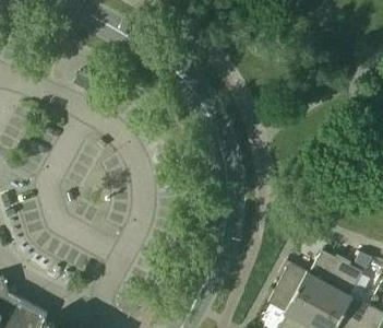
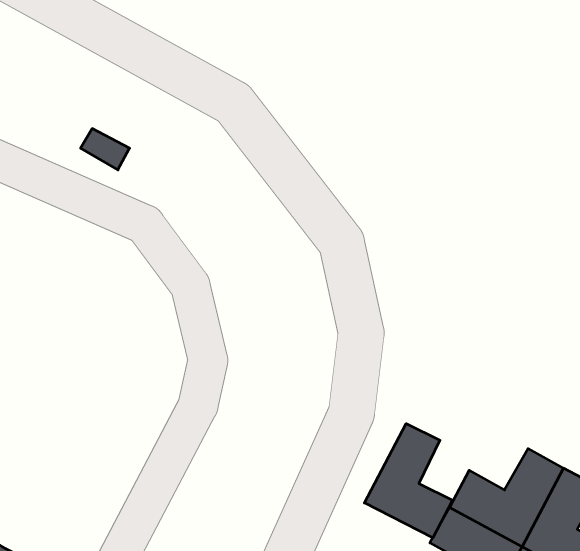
building: none -> [364,424,453,538]

